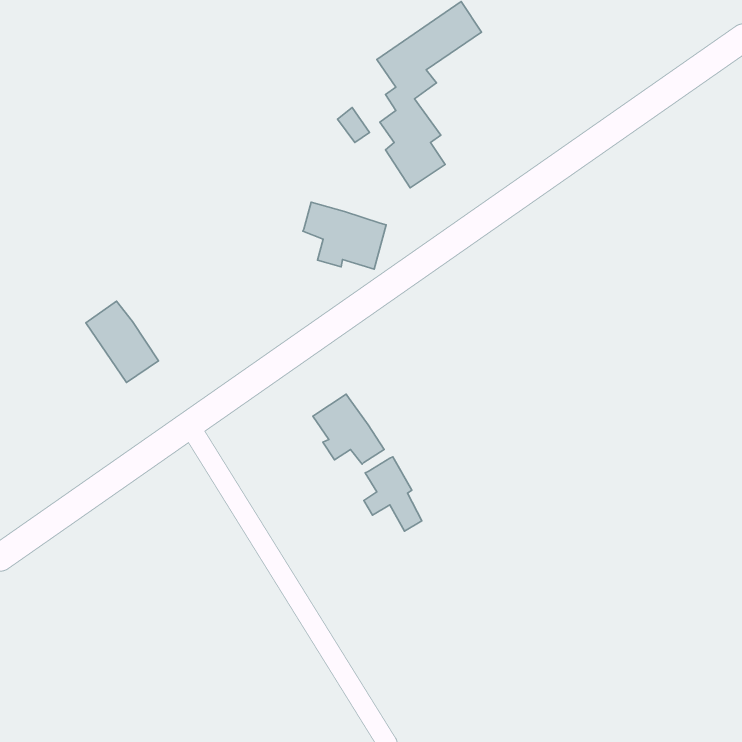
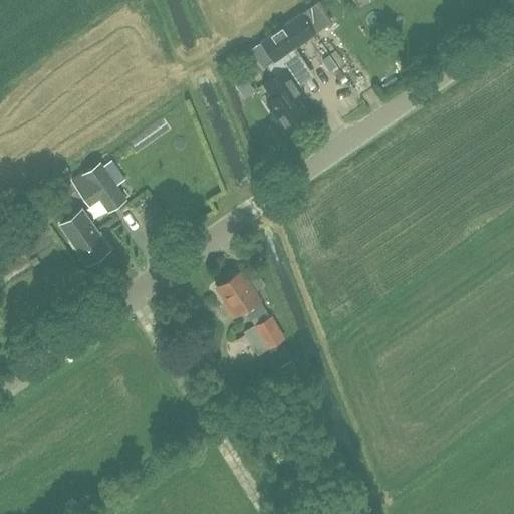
building: [303,202,386,269] -> none
building: none -> [70,162,127,214]

